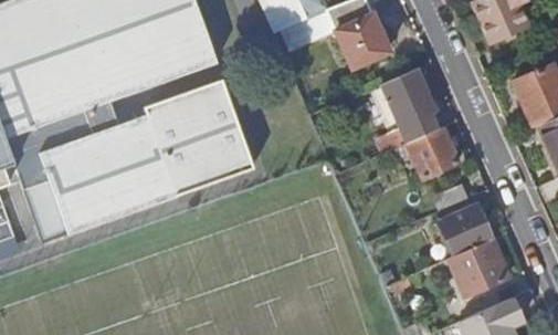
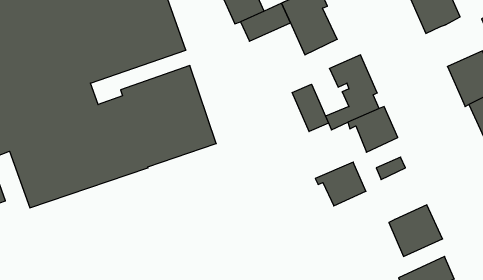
building: none -> [292,84,328,132]
building: [434,206,492,255] -> [315,162,366,206]

